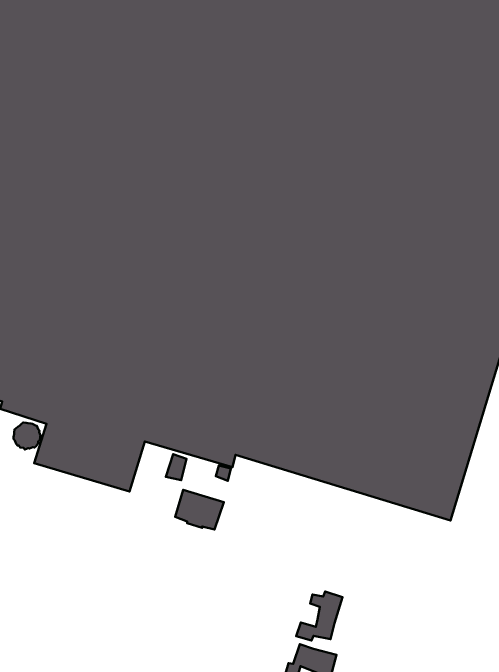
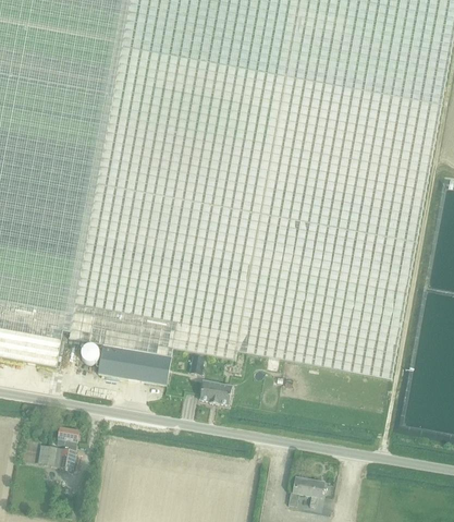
building: [296,592,343,641] -> none

